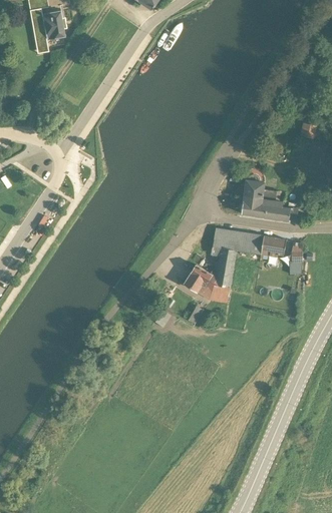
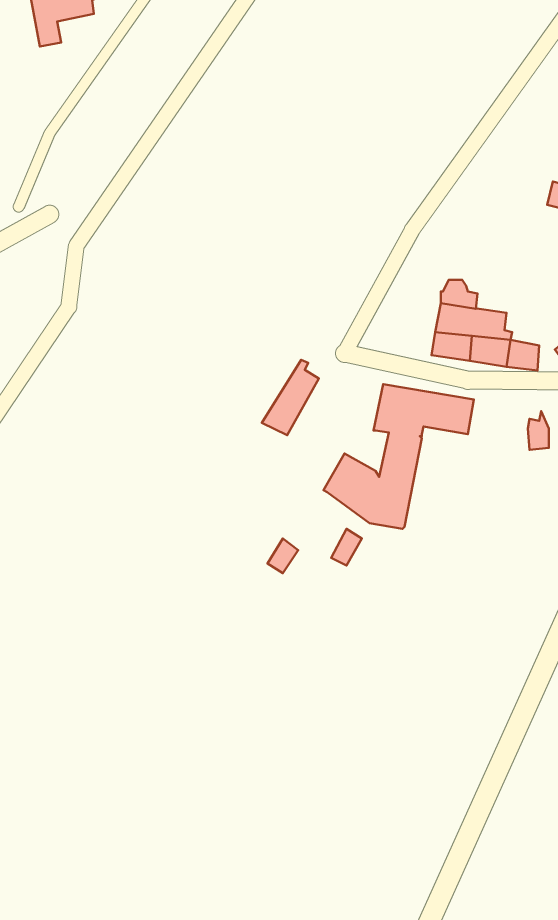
building: none -> [262,360,319,435]
building: [259,235,285,260] -> none

